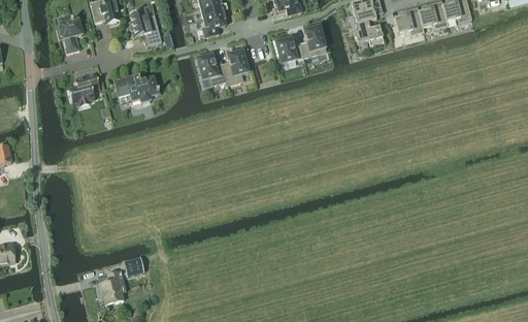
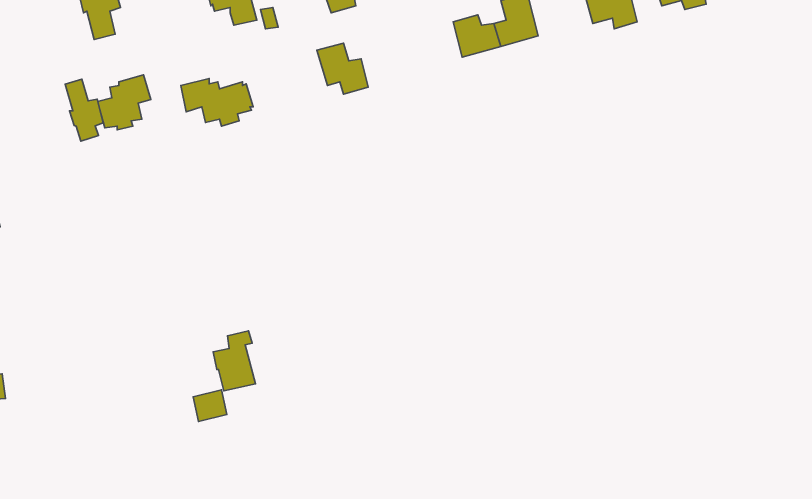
building: [222,50,248,84] -> none
building: none -> [65,79,103,141]
building: [99,268,124,303] -> [213,331,256,391]

